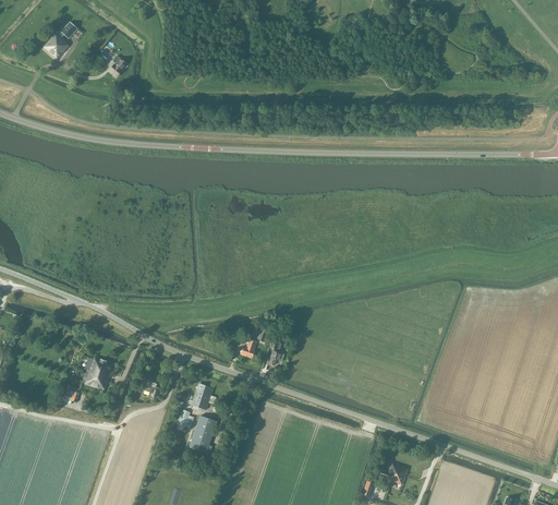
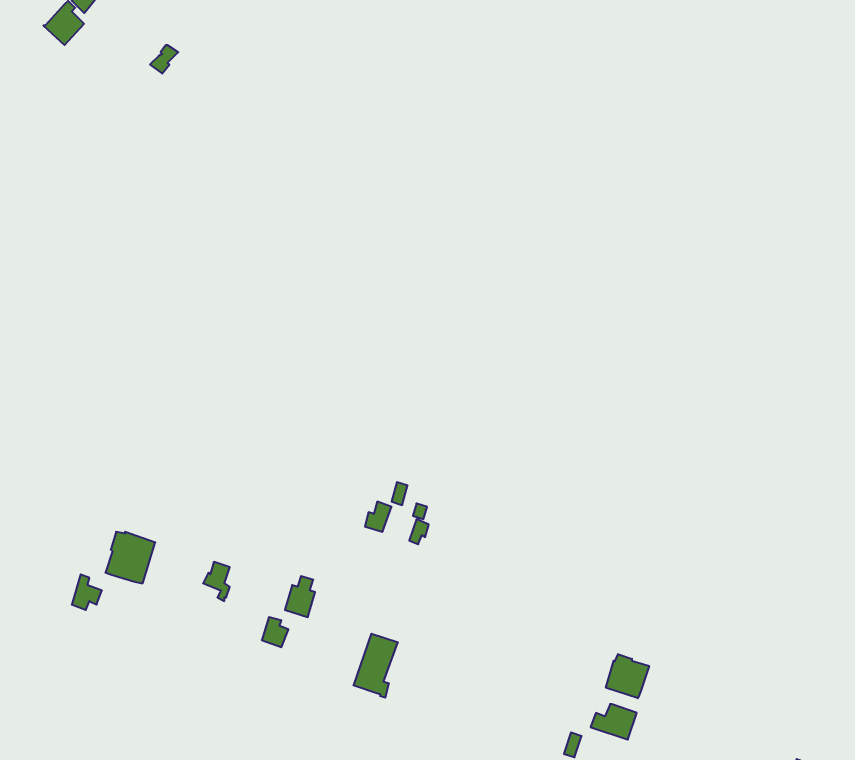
building: [190,416,217,455] -> [353,634,398,698]
building: none -> [606,654,649,698]

